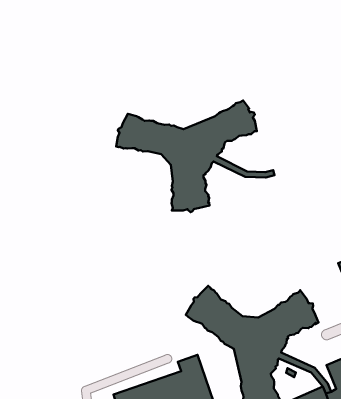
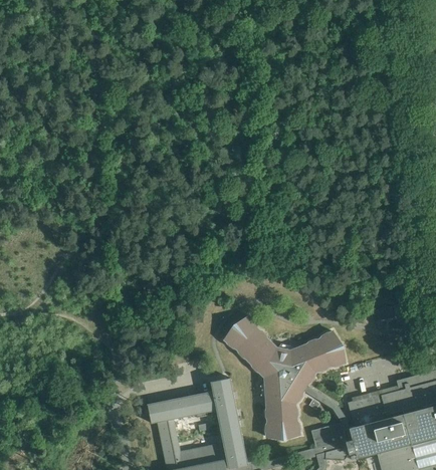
building: [116,101,275,212] -> none

